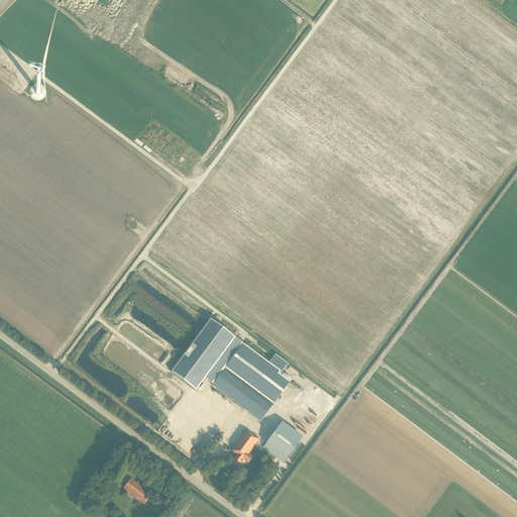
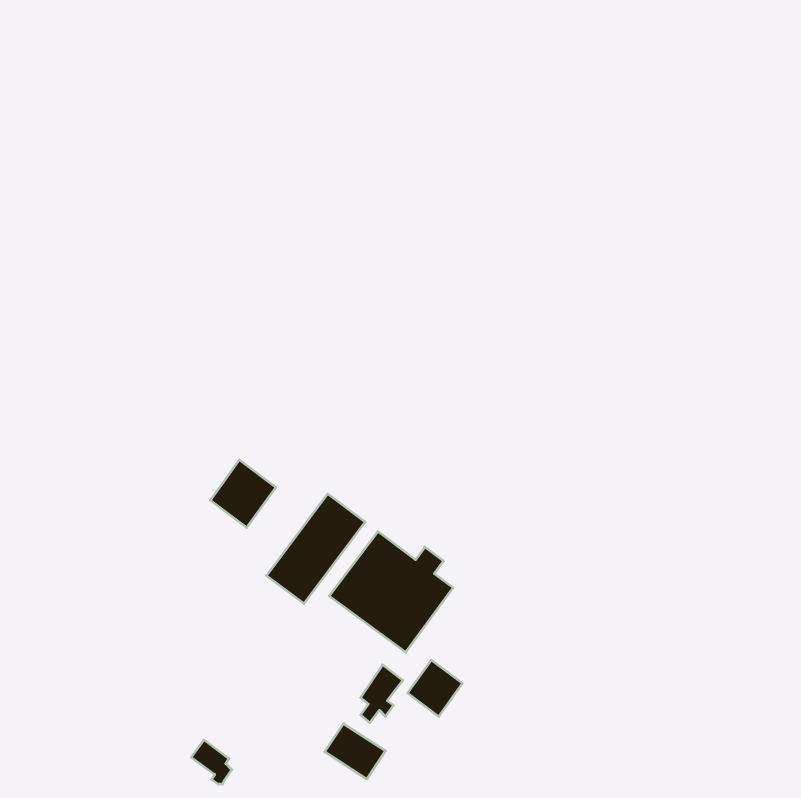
building: none -> [210,460,276,528]
building: none -> [325,724,386,779]

